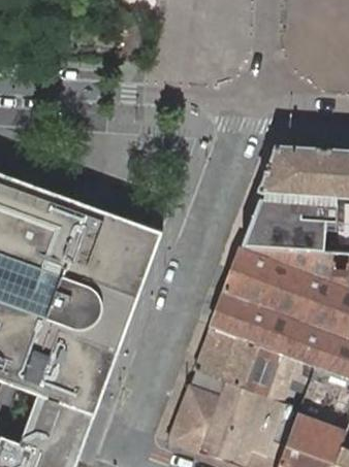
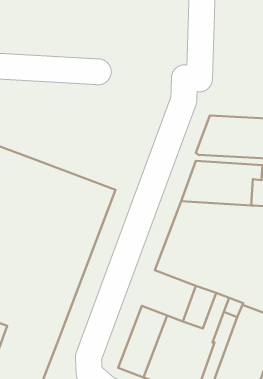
building: [194,328,258,389] -> none

